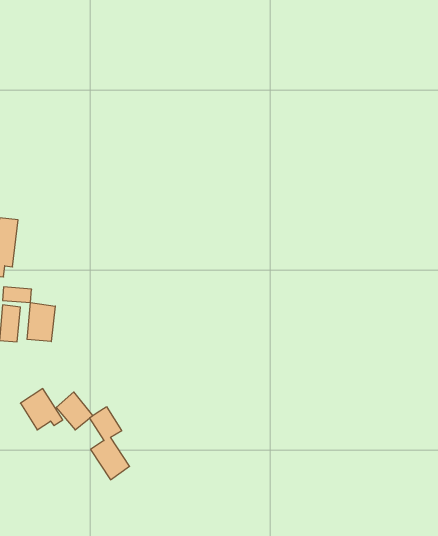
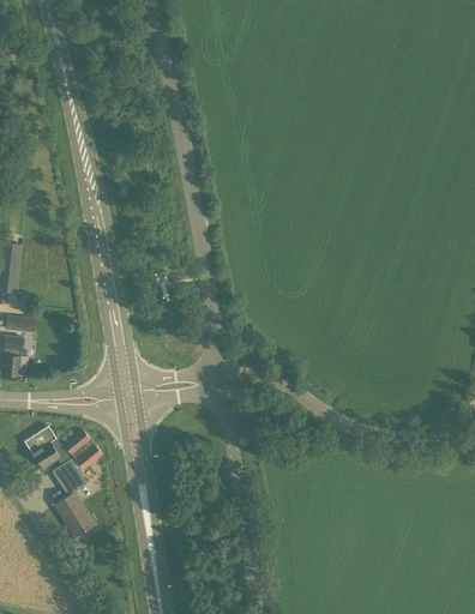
building: [27,303,55,342] -> none
building: [89,407,130,480] -> [52,458,95,536]

